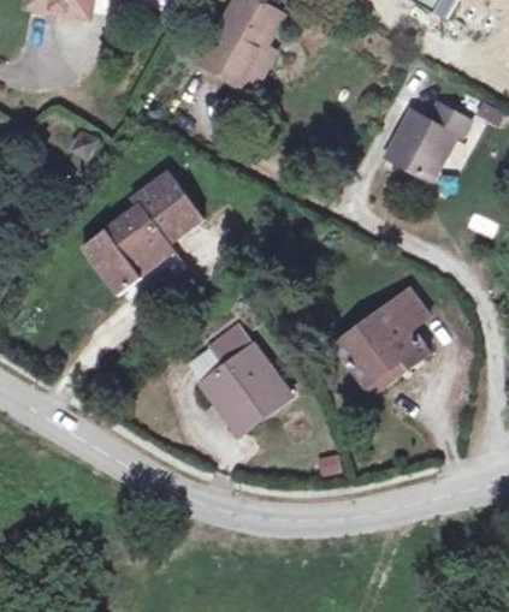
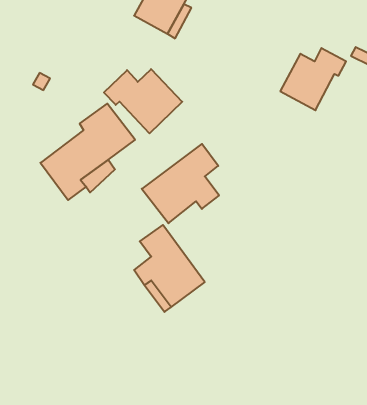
building: none -> [104,69,182,133]
building: [332,287,430,387] -> [142,144,219,223]

